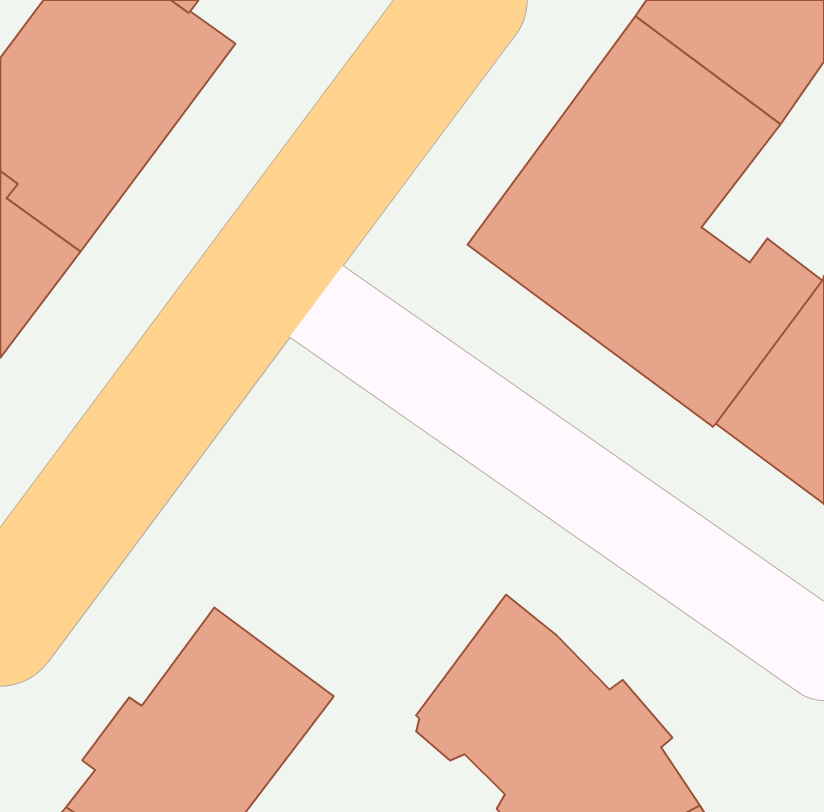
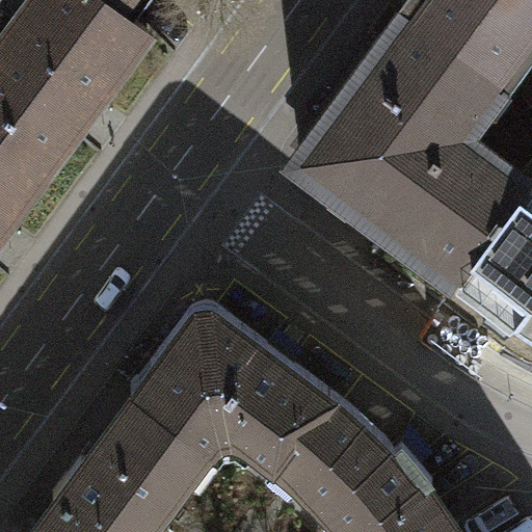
building: none -> [135,307,326,469]

